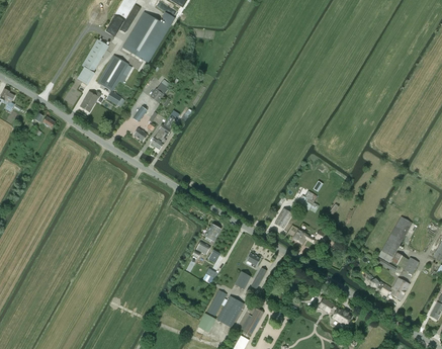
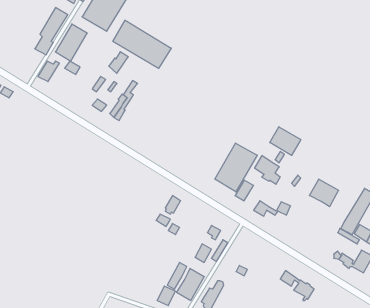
building: none -> [113,20,171,68]
building: none -> [270,127,301,155]
building: none -> [215,143,257,192]
building: none -> [309,179,339,207]

